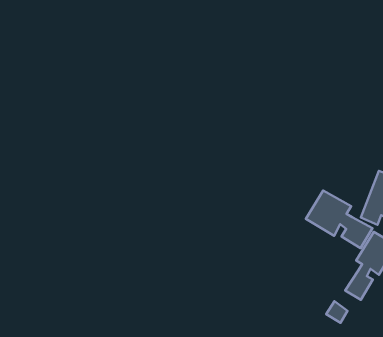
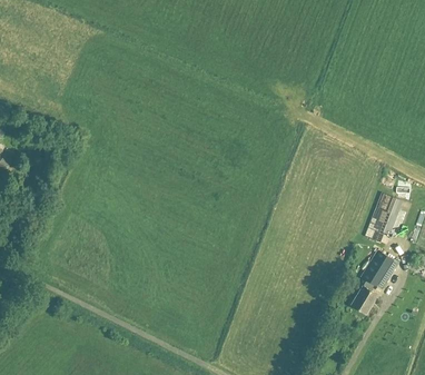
building: [306,190,372,248] -> none

